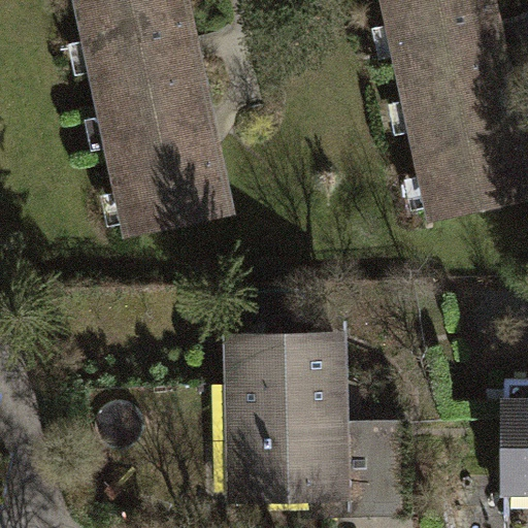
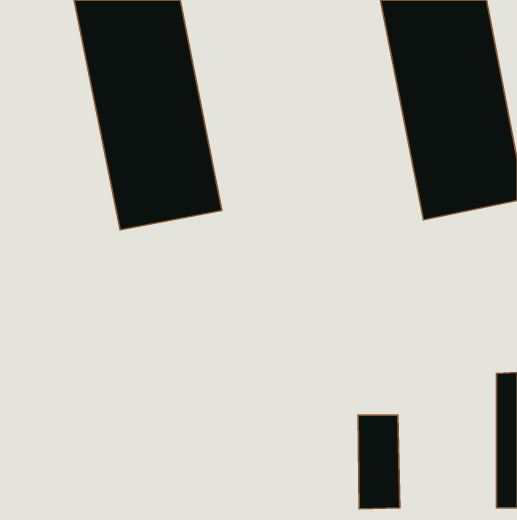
building: [231,341,337,487] -> none

